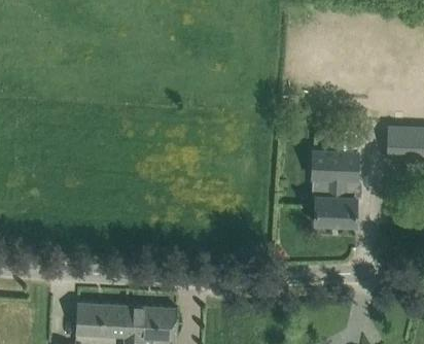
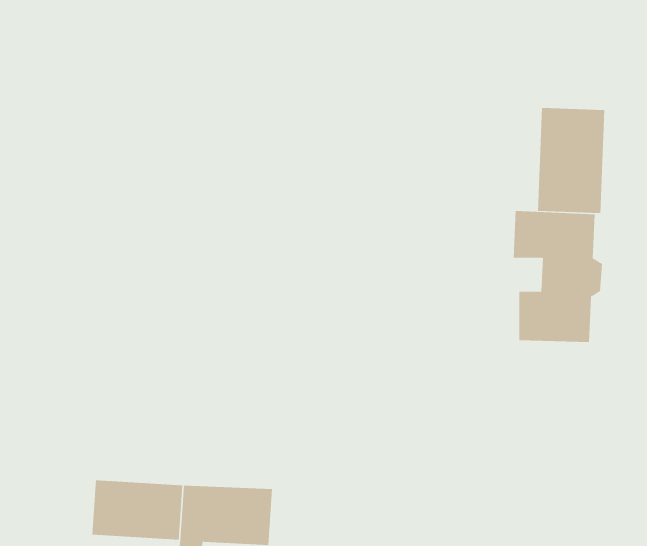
building: none -> [538,107,605,214]

